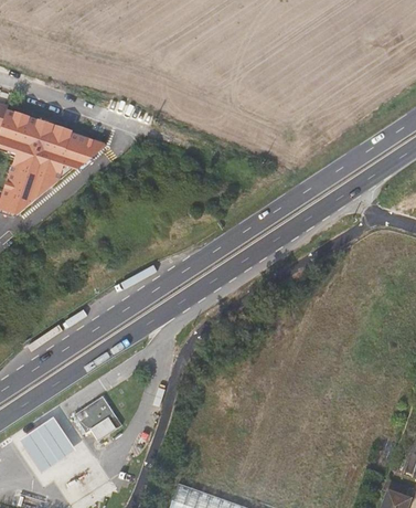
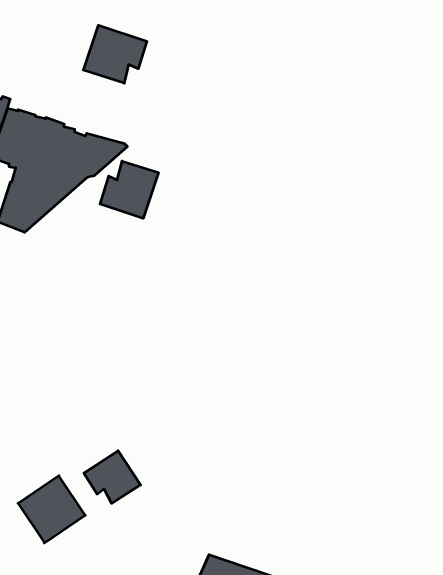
building: none -> [83,25,147,83]
building: none -> [100,161,158,218]

